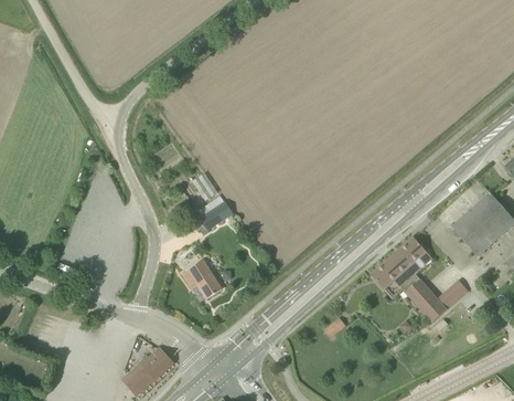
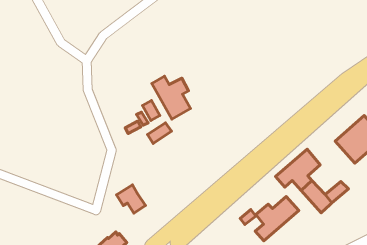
building: none -> [152,76,190,119]
building: [183,261,222,298] -> [117,185,146,213]
building: none -> [255,196,299,241]

